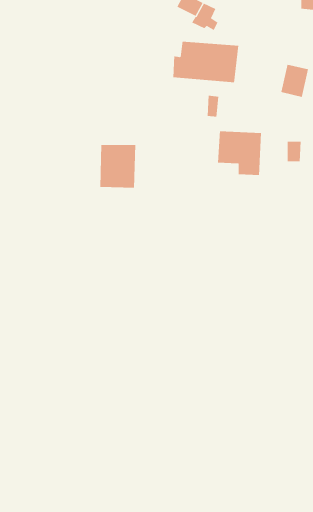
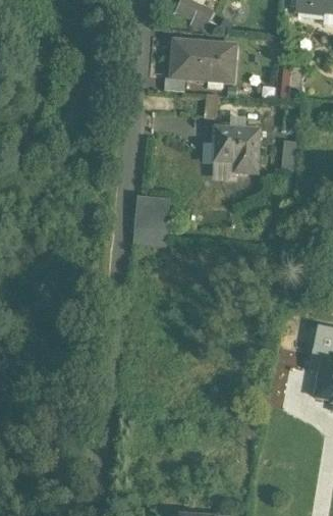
building: [100,145,136,188] -> [133,195,169,238]

